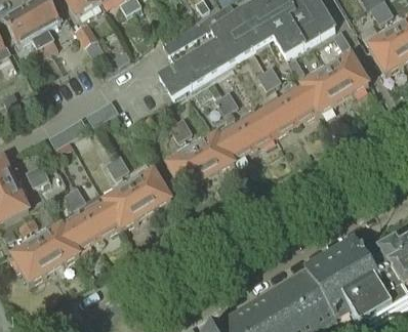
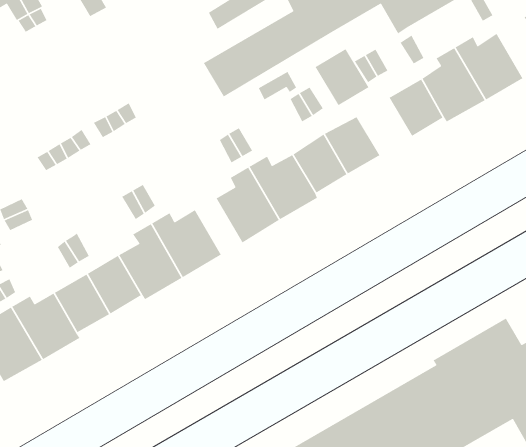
building: [258,96,294,134] -> [314,48,369,106]

